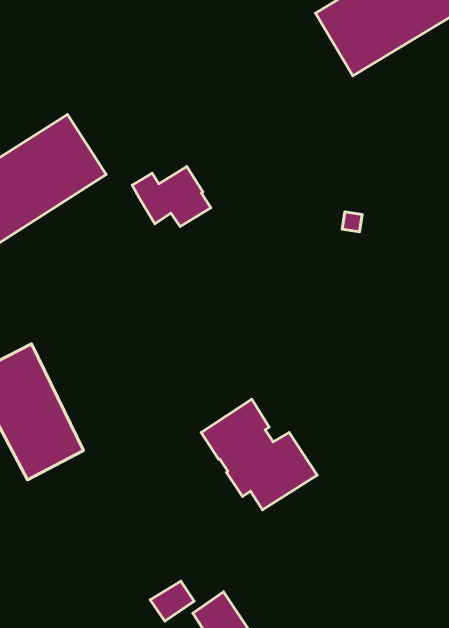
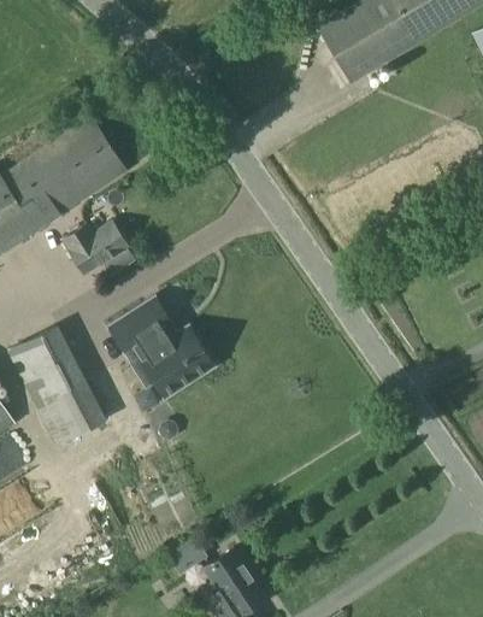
building: [132,166,211,226] -> [64,222,135,276]
building: [201,399,317,510] -> [110,296,214,396]

